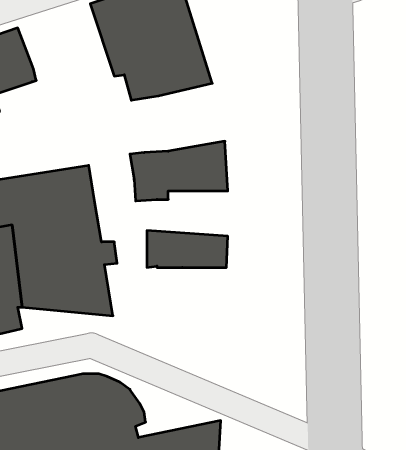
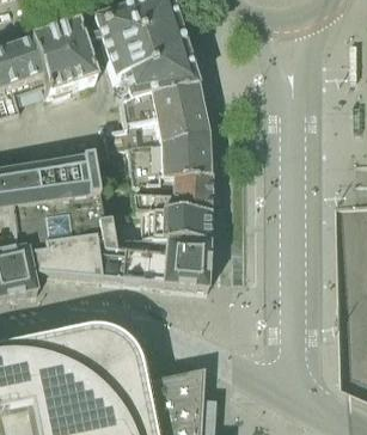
building: none -> [33,22,97,93]
building: none -> [106,84,208,147]
building: none -> [133,174,212,213]
building: none -> [106,235,209,289]

